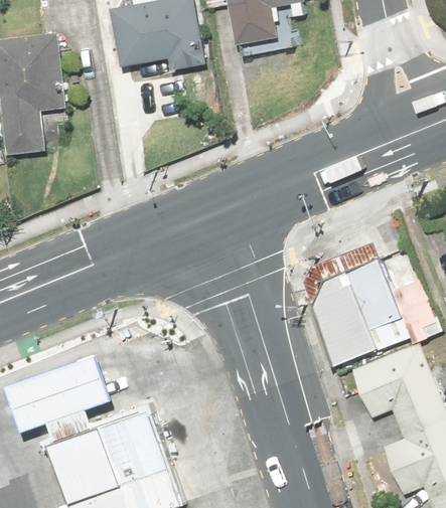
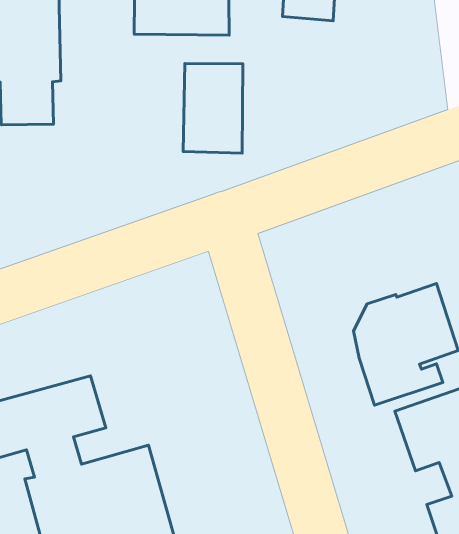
building: none -> [183,63,243,153]

